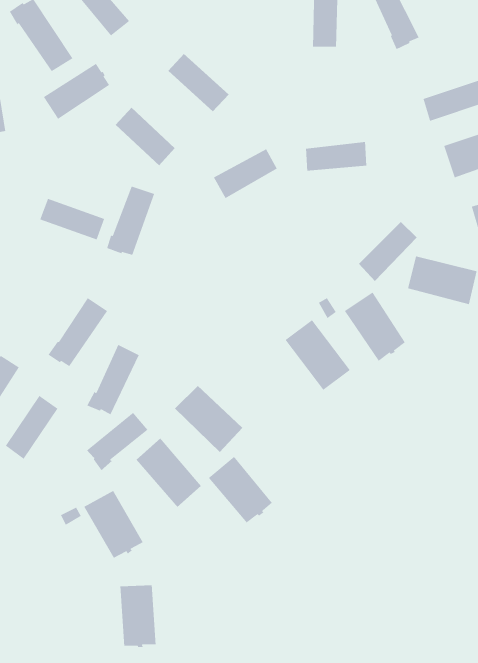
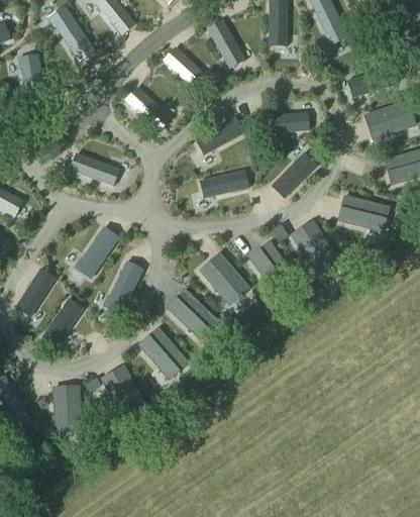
building: none -> [206,18,243,66]
building: [43,63,110,120] -> none
building: [106,185,155,256] -> none
building: [358,221,417,282] -> [272,152,315,197]
building: none -> [201,170,248,197]
building: [86,412,149,471] -> none
building: [208,456,273,523] -> [201,253,248,303]
building: [119,584,157,648] -> [52,389,80,435]

